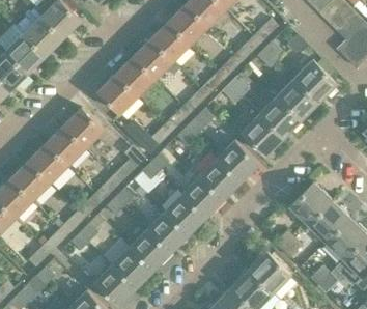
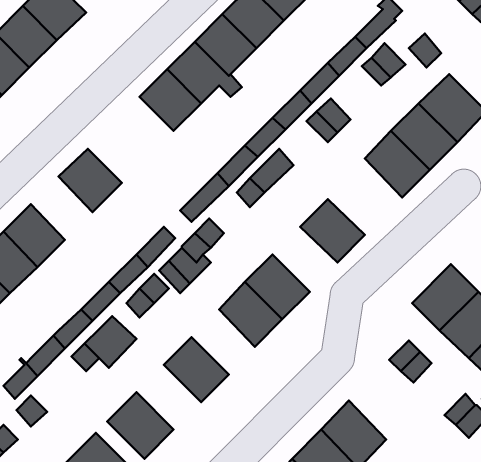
building: [96,75,136,114] -> none
building: [241,114,282,156] -> none
building: [45,125,84,166] -> none
building: [199,158,241,199] -> none
building: [147,210,188,252] -> none
building: [112,246,153,287] -> none
building: [248,251,290,293] -> none

